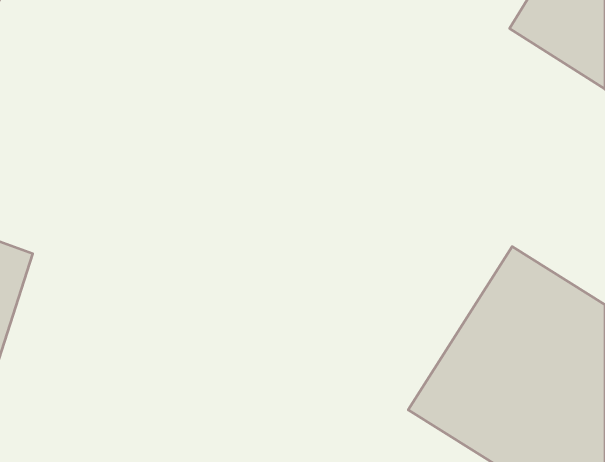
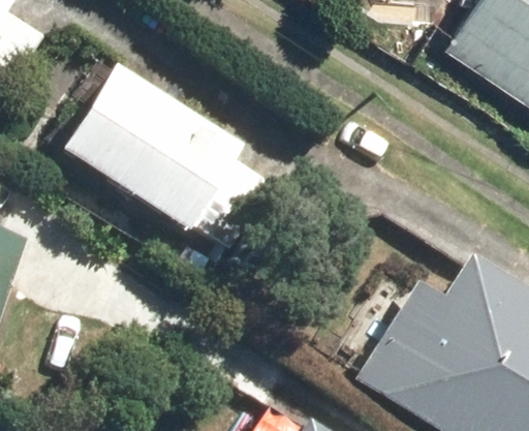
building: none -> [64,65,250,232]

